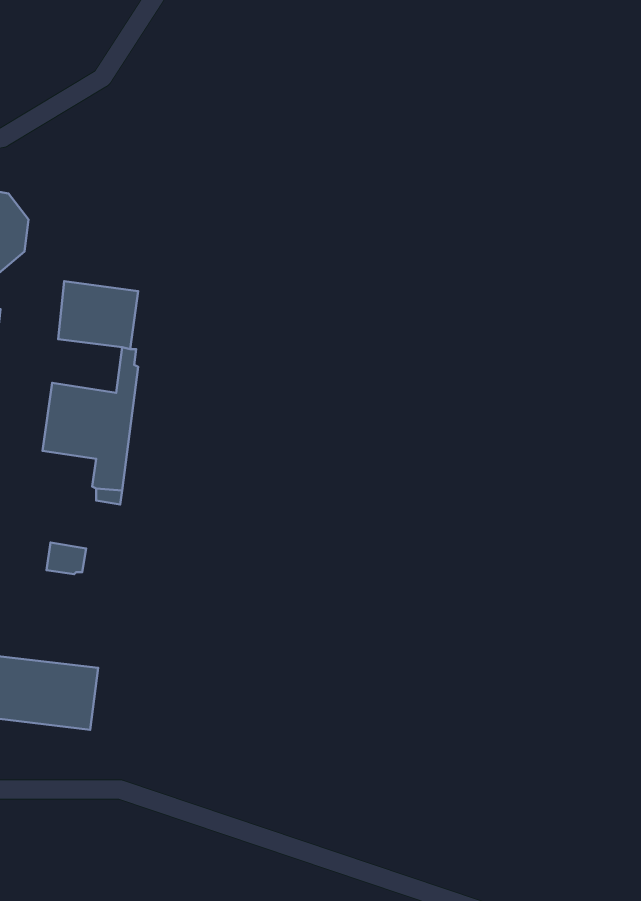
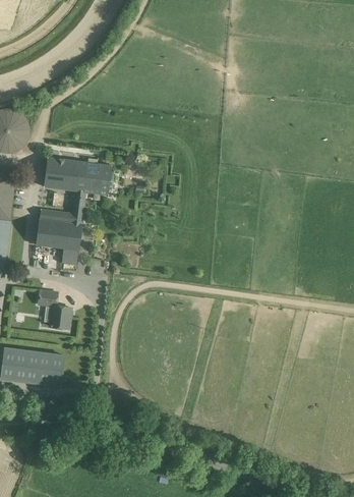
building: none -> [80,162,111,195]
building: none -> [50,306,70,329]

